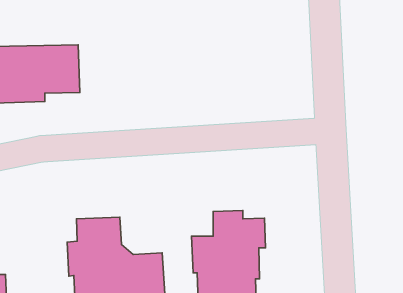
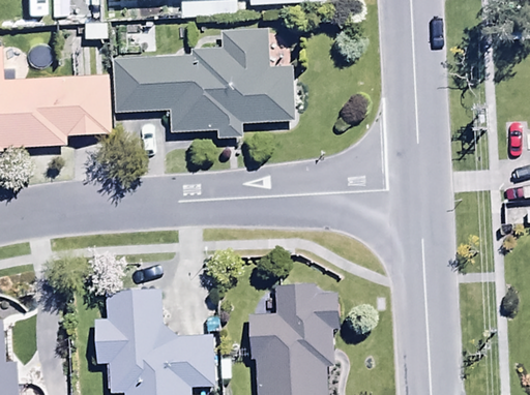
building: none -> [113,28,292,136]

